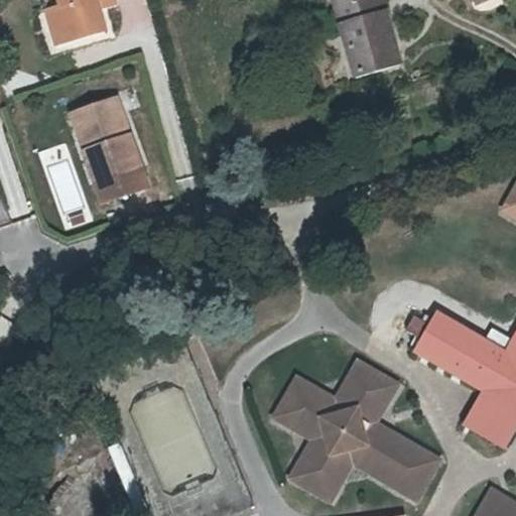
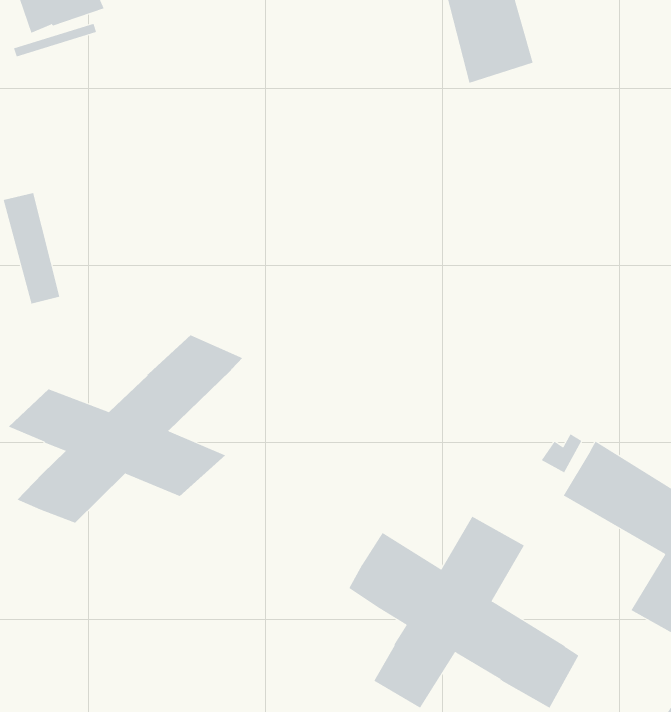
building: [72,99,153,210] -> none
building: none -> [8,334,243,524]

